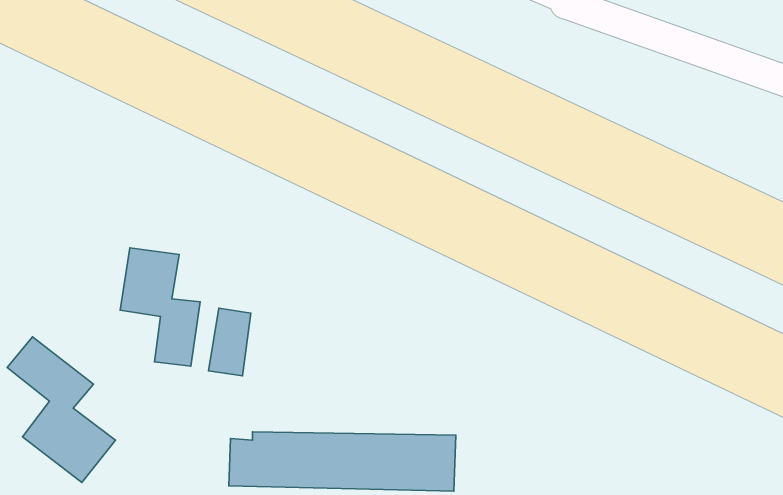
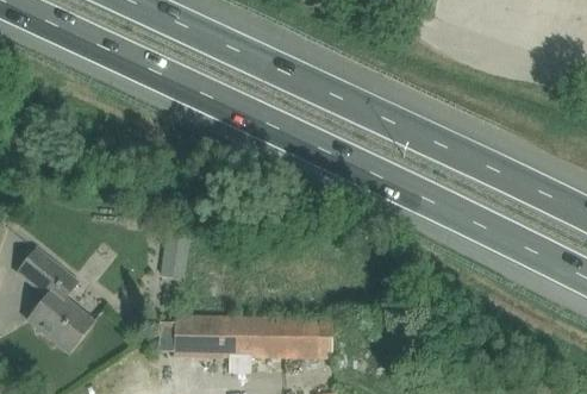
building: [120,248,200,366] -> none

